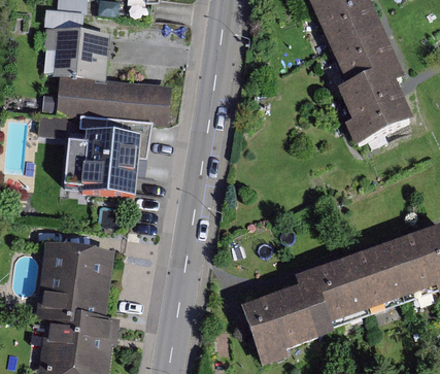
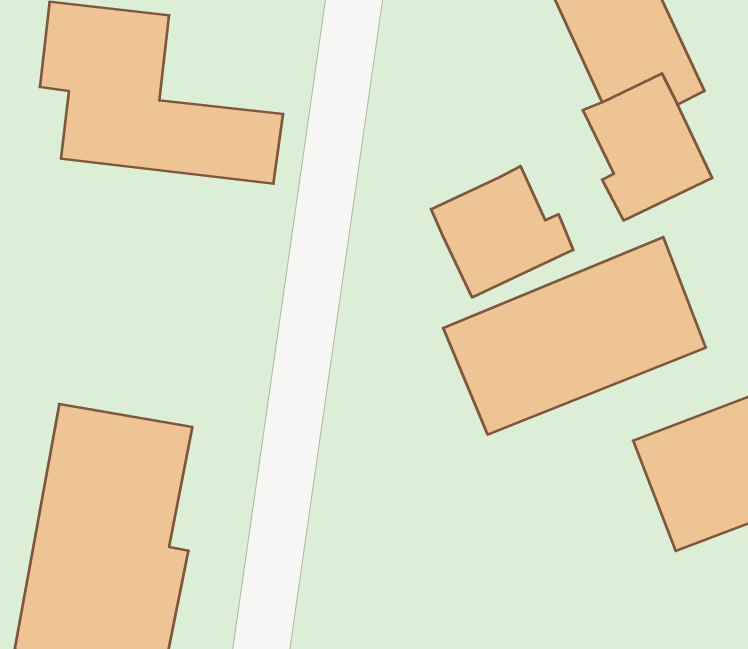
building: none -> [431,166,573,297]
building: [77,128,148,195] -> none
building: [241,256,381,361] -> [443,237,706,434]

